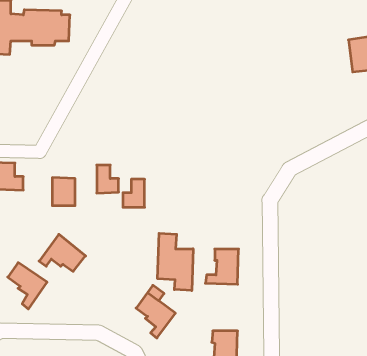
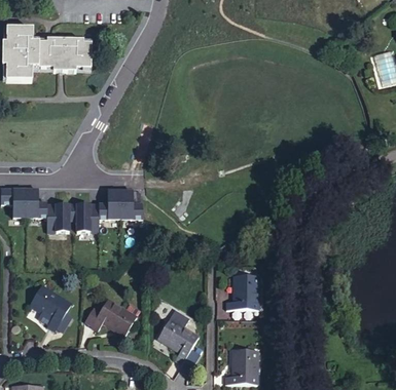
building: none -> [46,203,69,231]
building: [123,179,145,207] -> [98,191,119,219]
building: [158,233,193,291] -> none
building: [39,234,86,271] -> [88,296,135,333]

